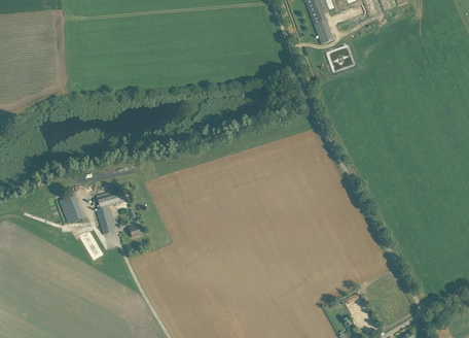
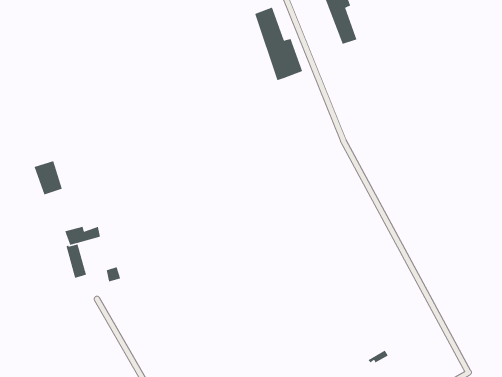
building: none -> [254,6,303,81]
building: [60,195,83,224] -> [34,160,63,195]

